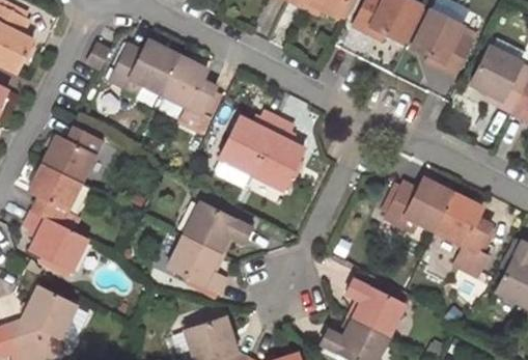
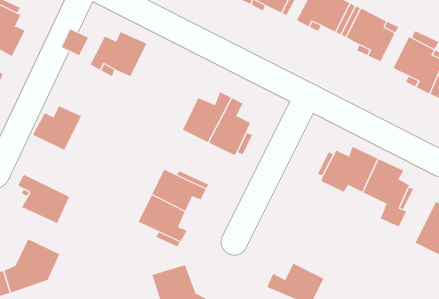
building: [159,54,219,132] -> none
building: [28,163,80,223] -> none
building: [346,279,405,334] -> none

